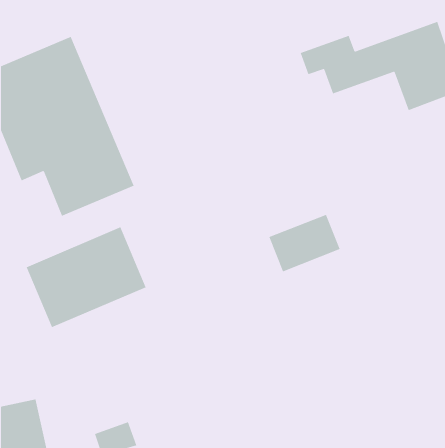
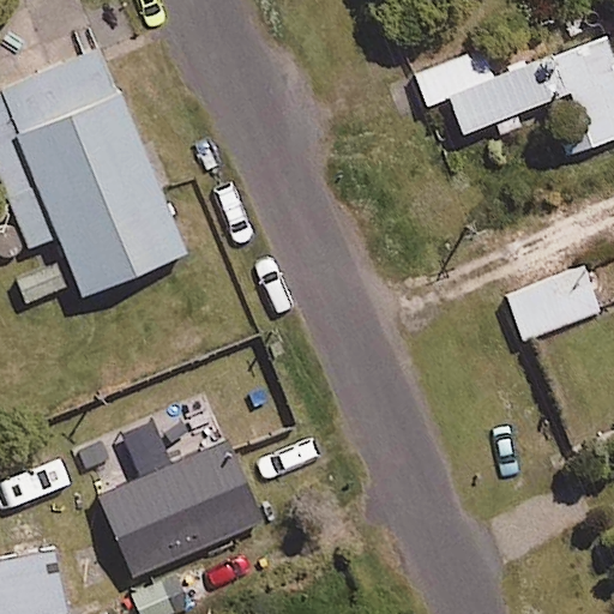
building: [268,214,341,272] -> [502,264,601,343]
building: [26,227,146,328] -> [96,440,260,578]

